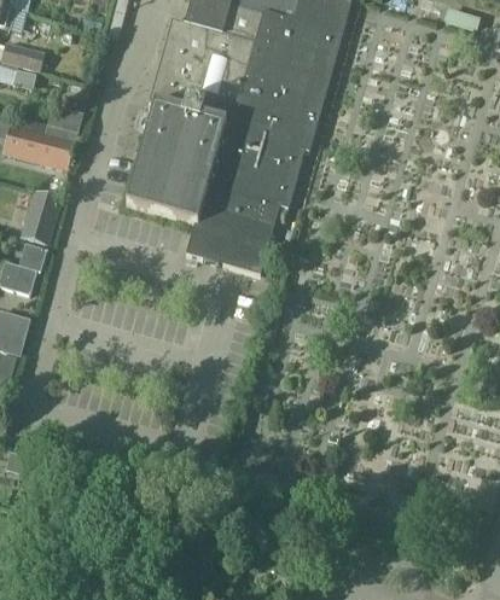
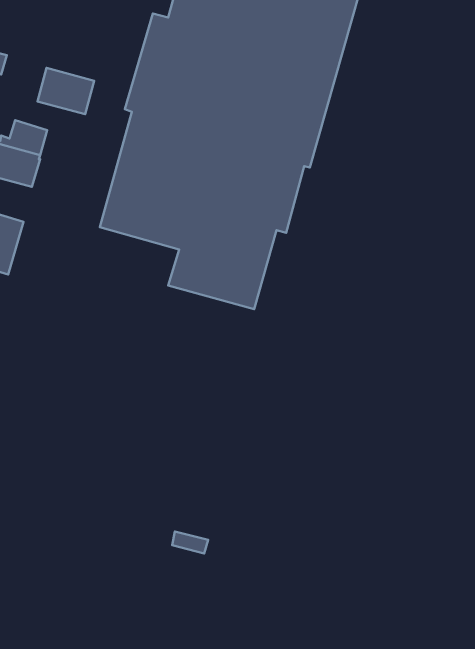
building: none -> [37,68,94,114]

